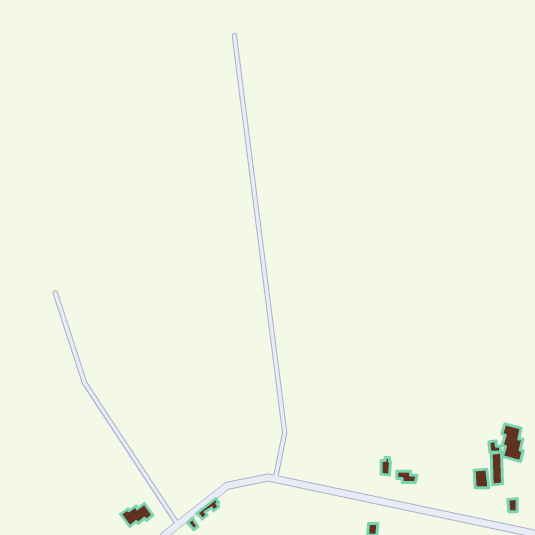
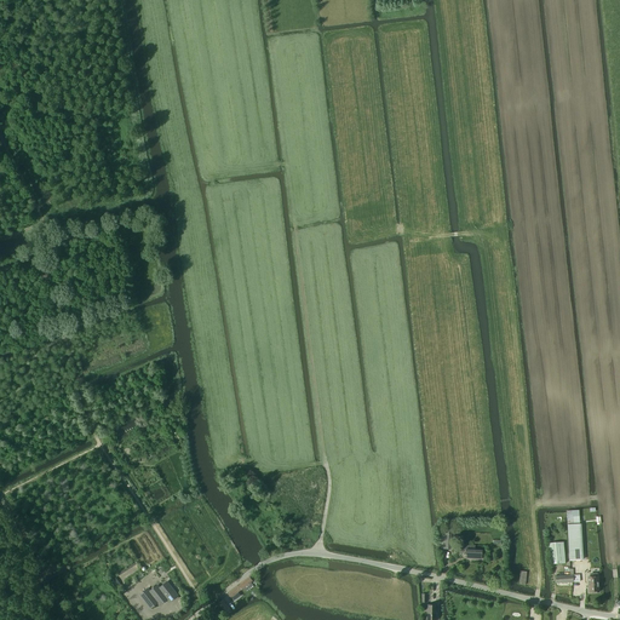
building: [502,424,523,462] -> none

